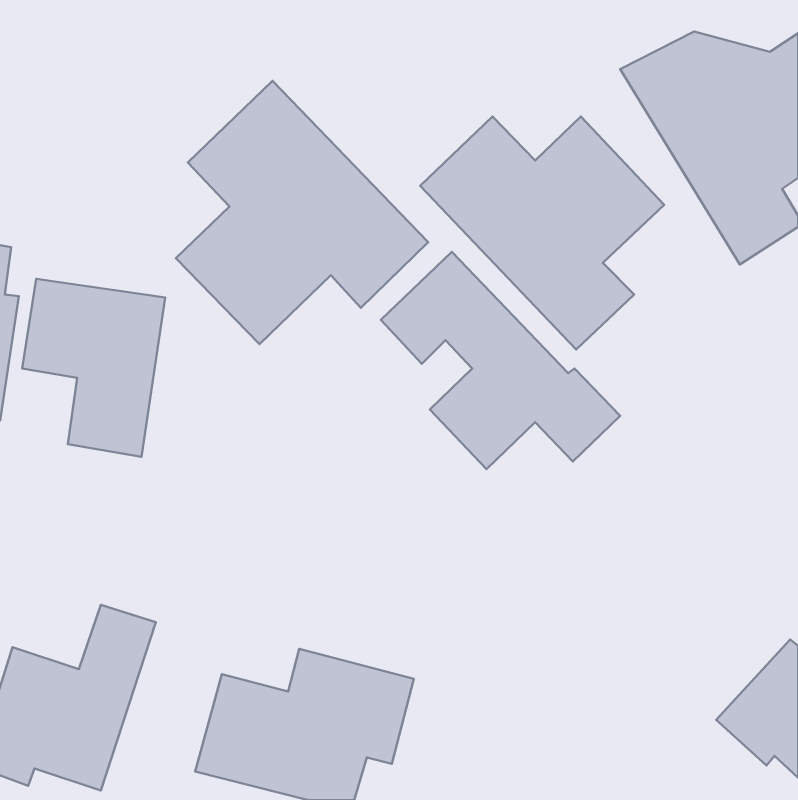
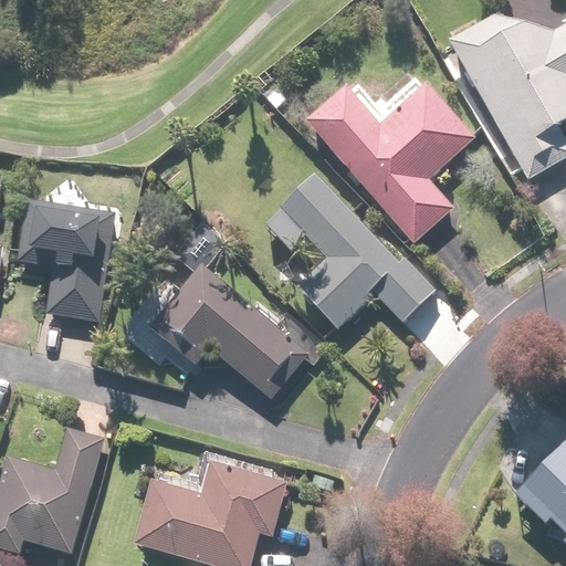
building: [176,81,428,344] -> none
building: none -> [154,222,314,399]

